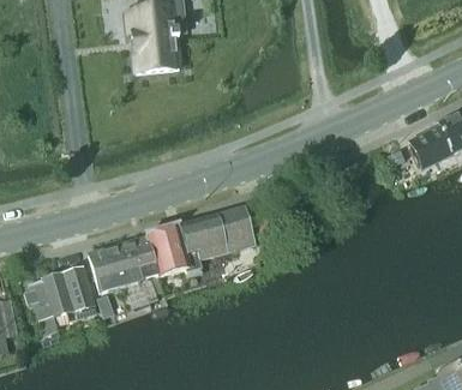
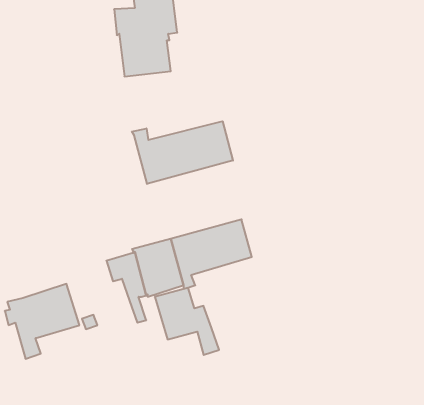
building: none -> [132,121,233,184]
building: [89,245,149,307] -> [155,288,219,355]

